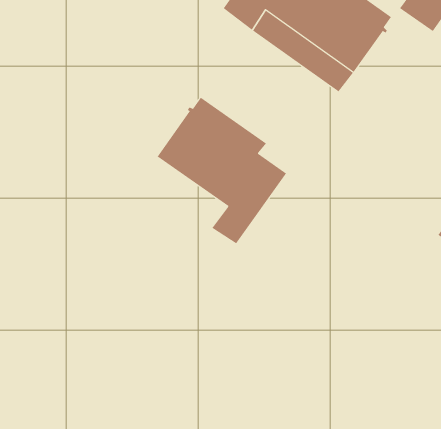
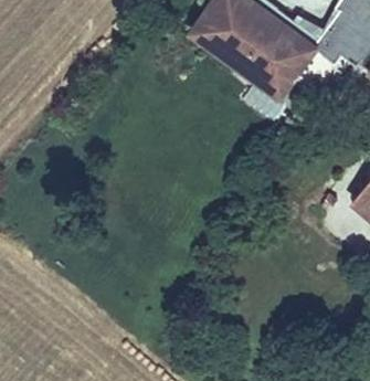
building: [157,97,287,244] -> none

